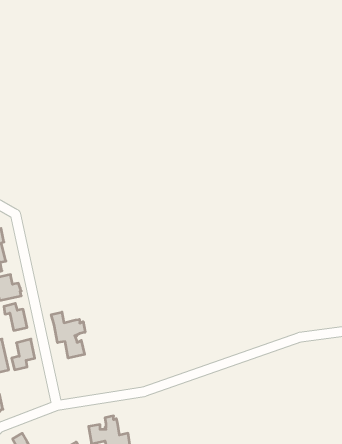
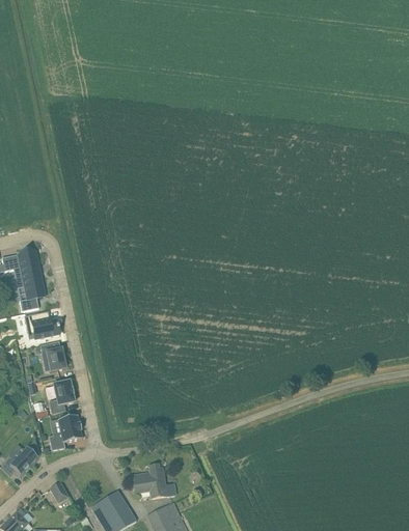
building: [51,312,85,358] -> none
building: none -> [48,415,82,450]

